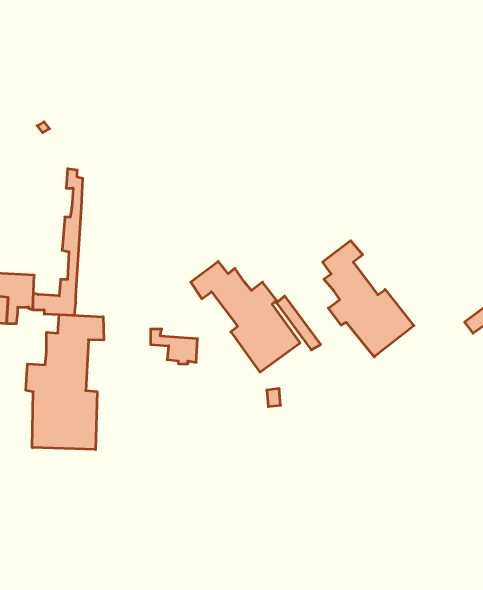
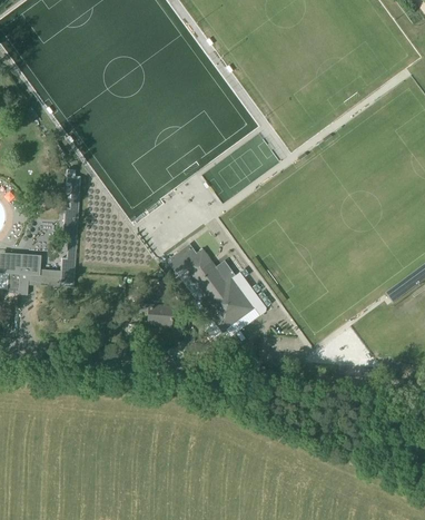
building: [323,241,414,357] -> none
building: [26,315,104,450] -> none

